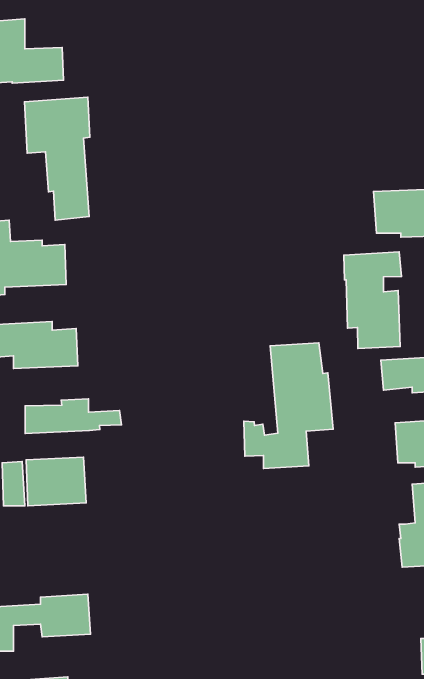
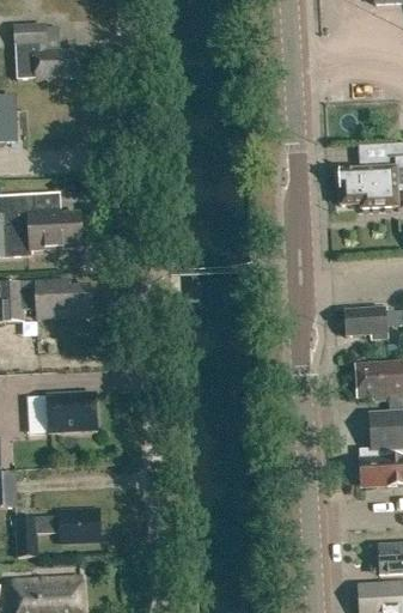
building: [24,97,90,220] -> none
building: [344,252,402,348] -> none
building: [244,343,333,468] -> none
building: [25,399,121,433] -> none

